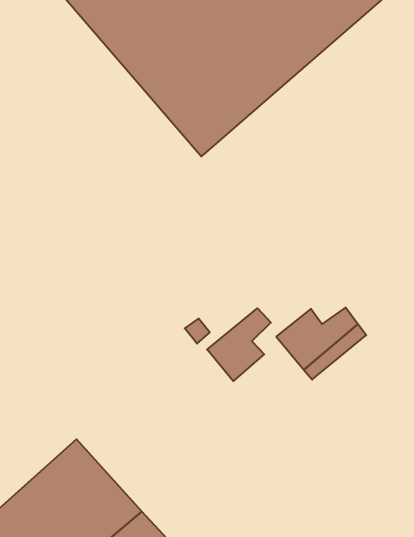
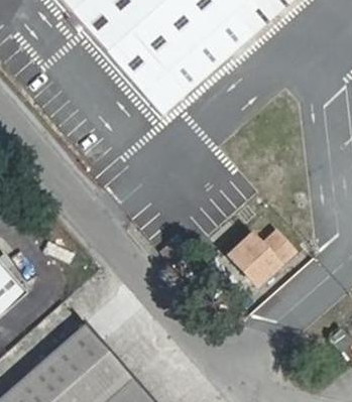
building: [207,308,271,381] -> none

